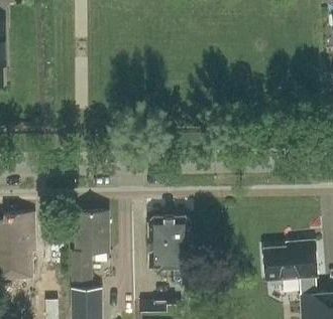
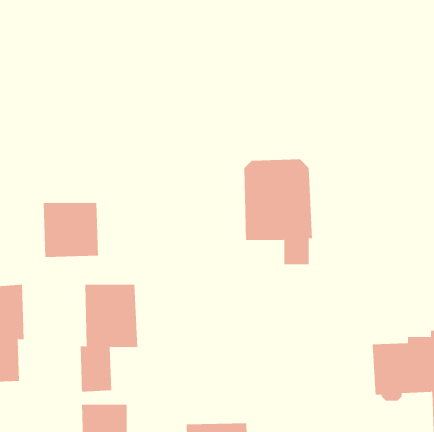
building: none -> [43,202,99,258]
building: [147,215,193,285] -> [244,159,313,265]

